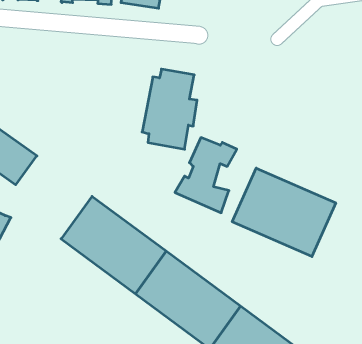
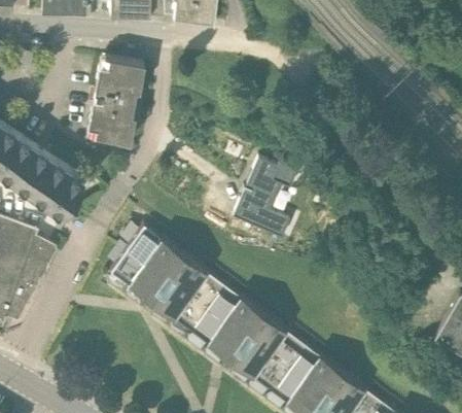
building: [142,69,197,149] -> [87,58,146,143]
building: [232,168,336,257] -> none

